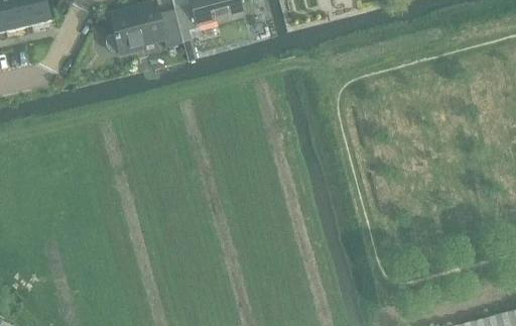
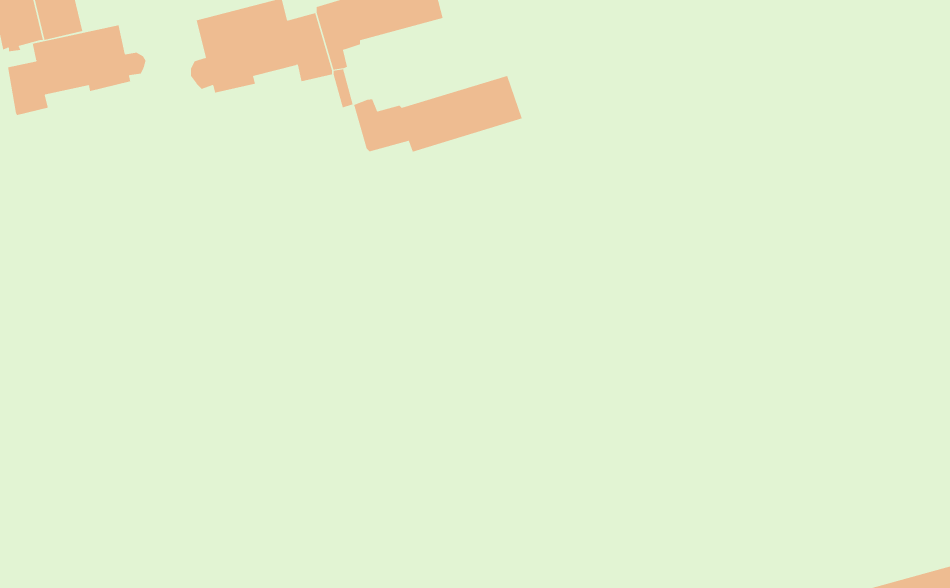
building: none -> [8,24,146,116]
building: none -> [353,75,522,153]

